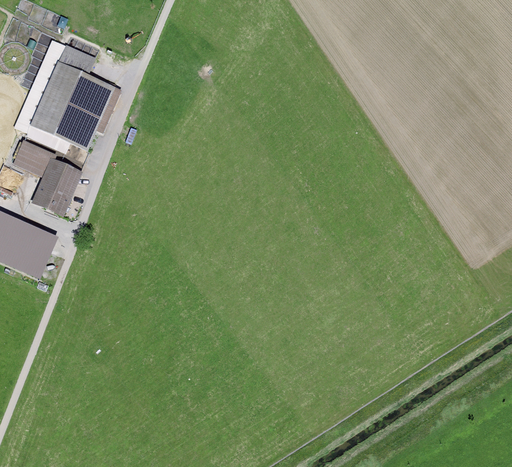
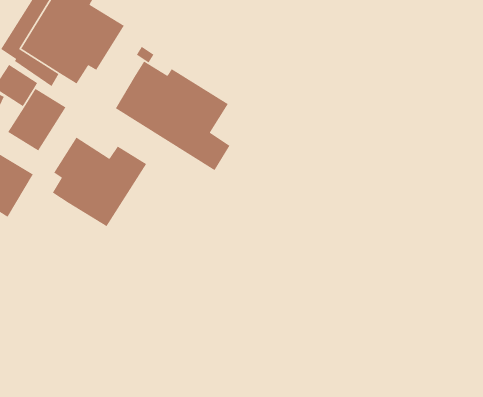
building: none -> [115,61,230,171]
building: none -> [52,137,147,227]

